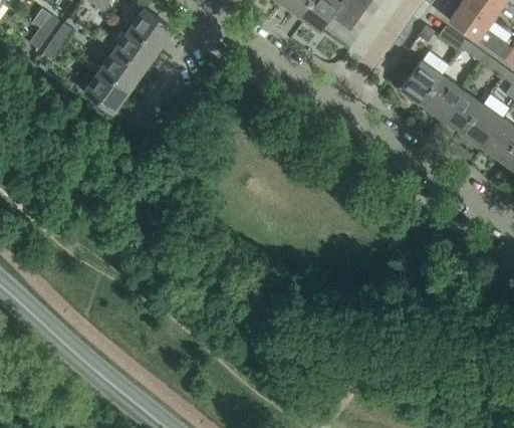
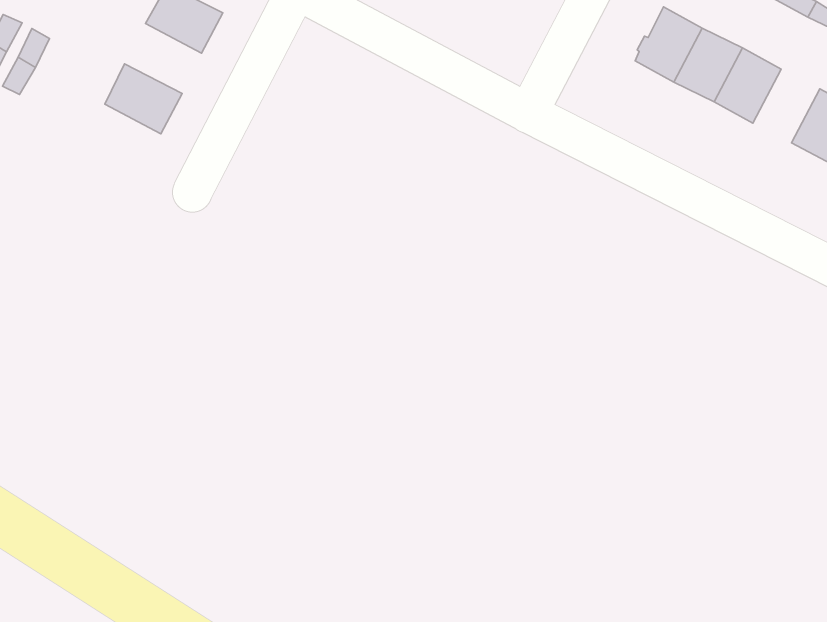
building: [113,29,158,71] -> none
building: [84,71,128,113] -> none
building: [462,104,502,147] -> none

